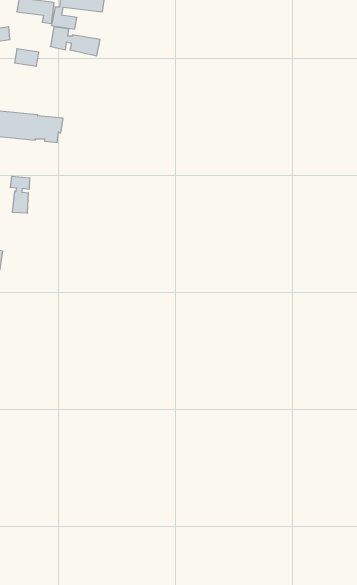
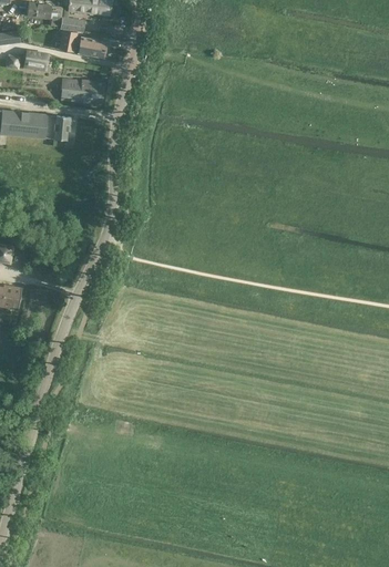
building: none -> [61,80,106,104]
building: [10,176,30,213] -> none

